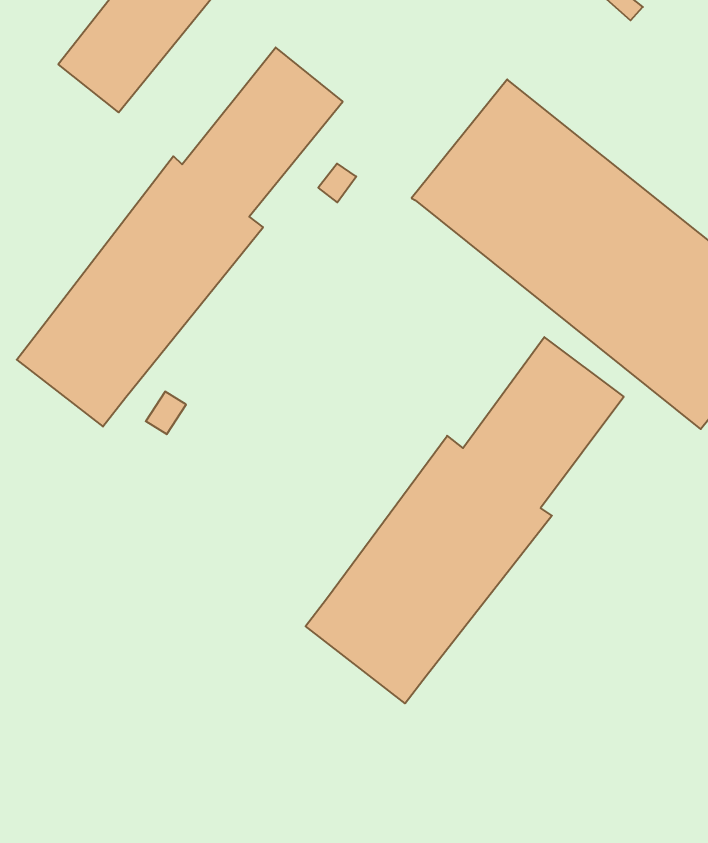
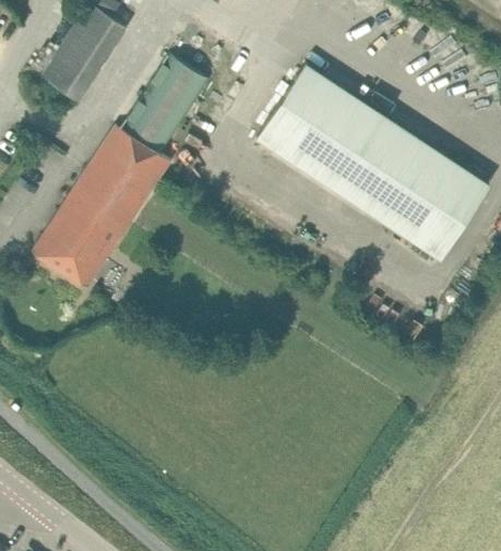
building: [306,337,624,703] -> none

